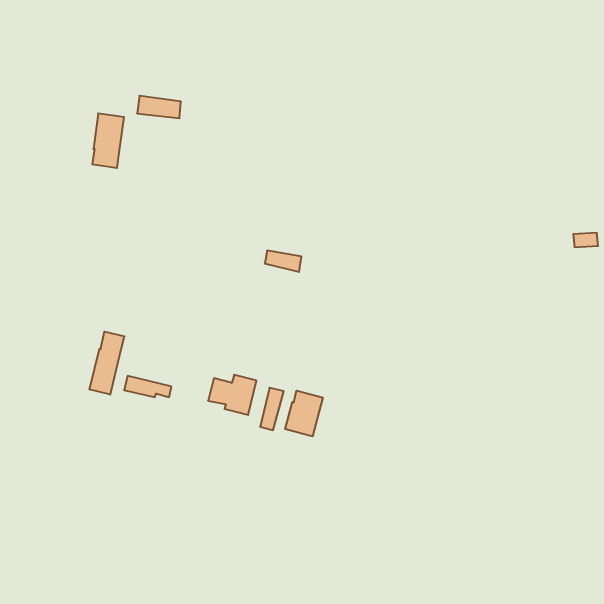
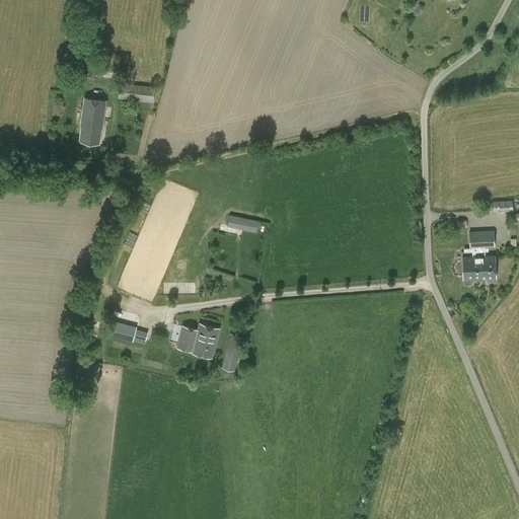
building: none -> [462,230,496,280]
building: [90,332,124,395] -> none
building: [285,391,323,436] -> none

